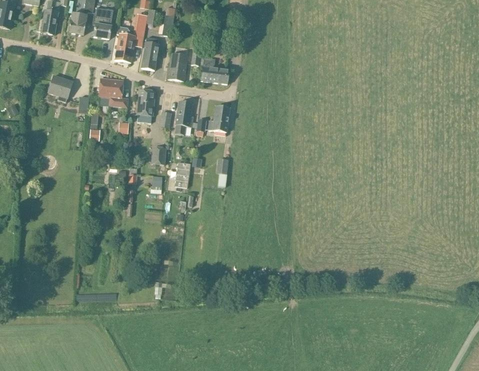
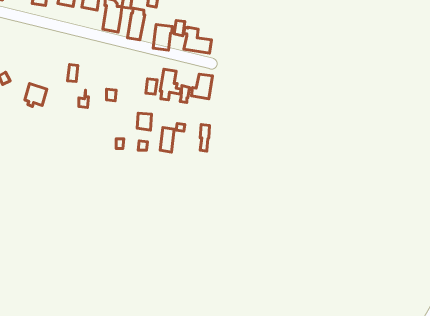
building: [49,74,72,98] -> [25,84,47,106]
building: [98,77,127,106] -> none
building: [137,88,155,122] -> none

